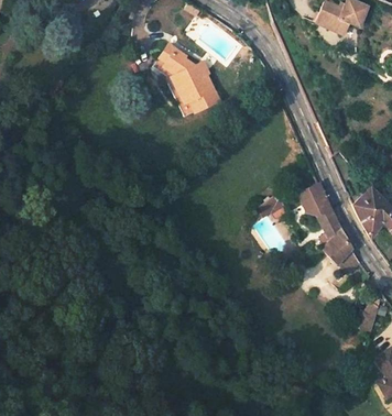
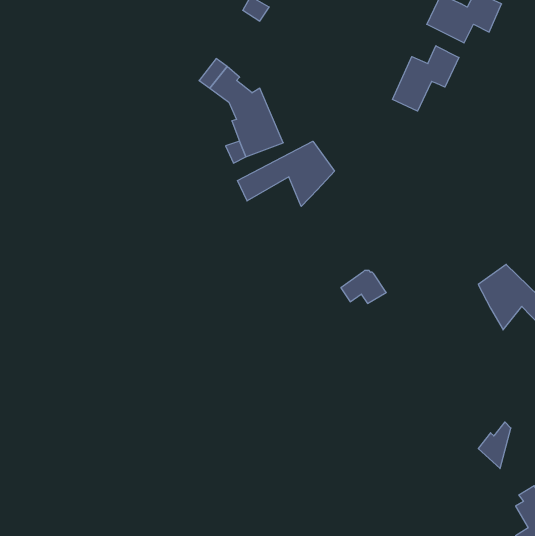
building: none -> [393,46,459,111]
building: none -> [237,141,334,206]
building: [298,182,359,273] -> none

